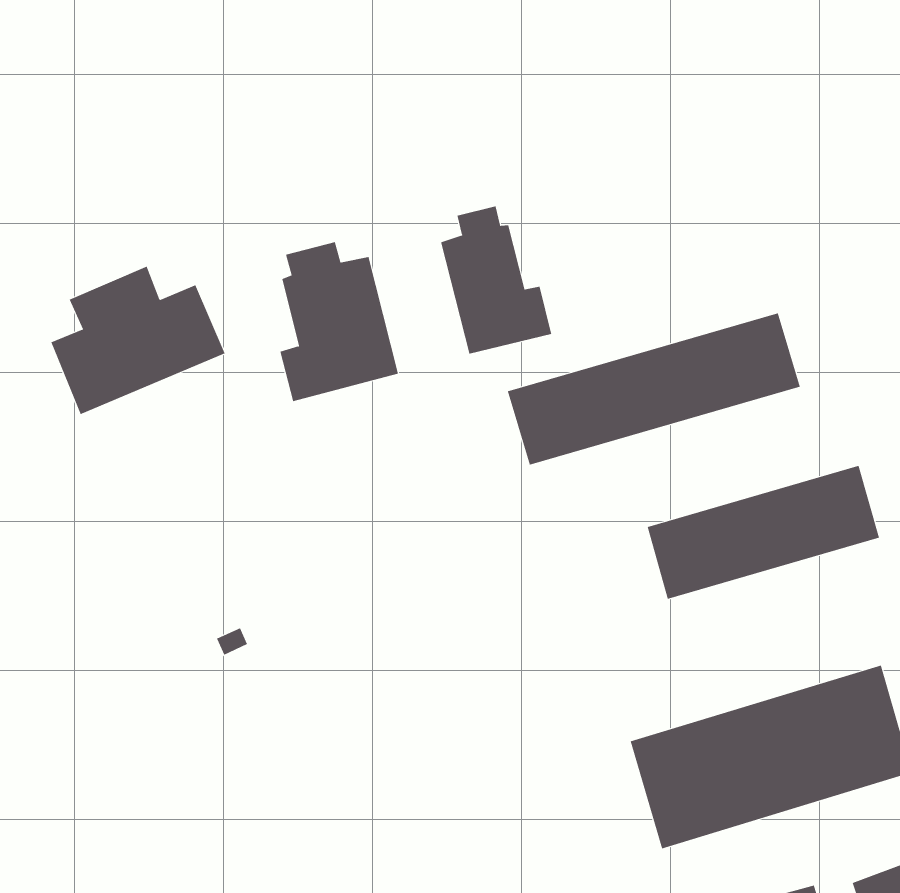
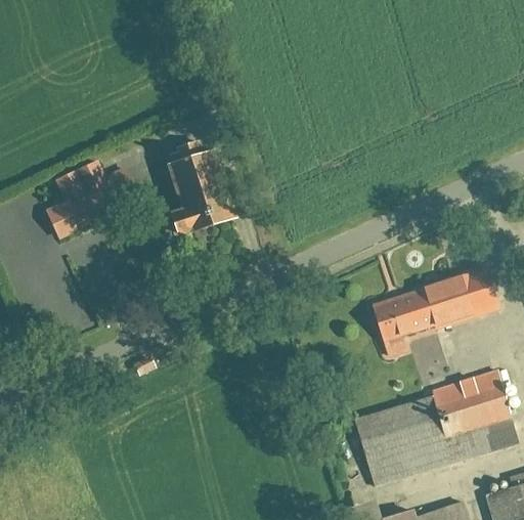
building: [441,205,552,354] -> none
building: [507,312,800,466] -> none

